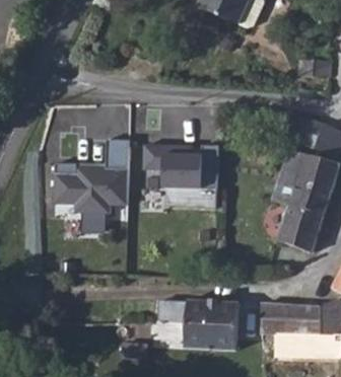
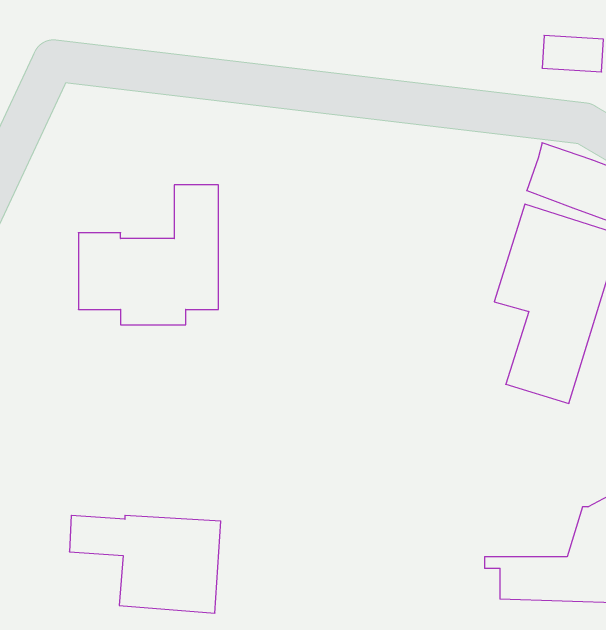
building: [141,144,215,187] -> none
building: [158,299,238,351] -> [69,515,221,613]
building: [261,303,319,333] -> none

